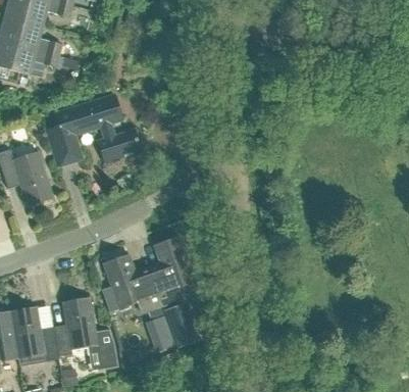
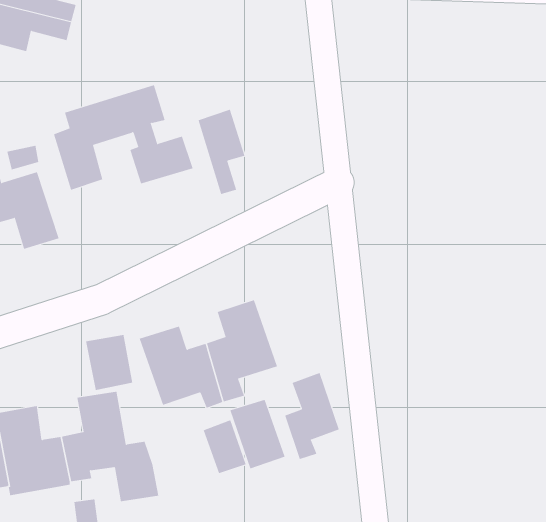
building: none -> [198,109,245,195]
building: none -> [85,334,133,391]
building: none -> [285,372,339,460]

